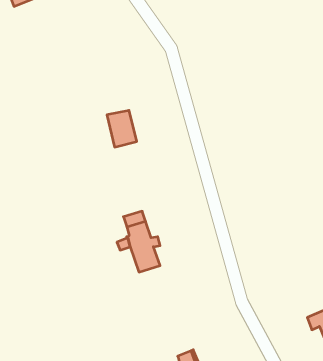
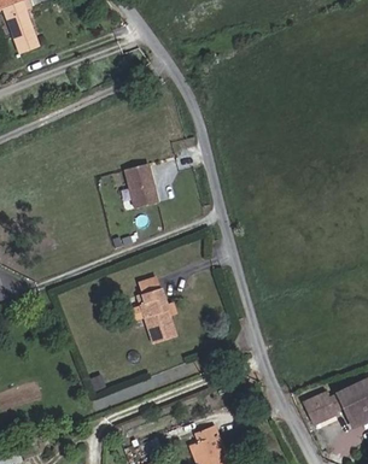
building: none -> [303,392,335,424]

